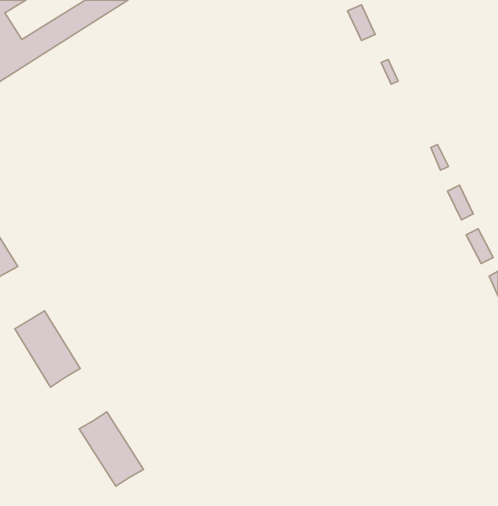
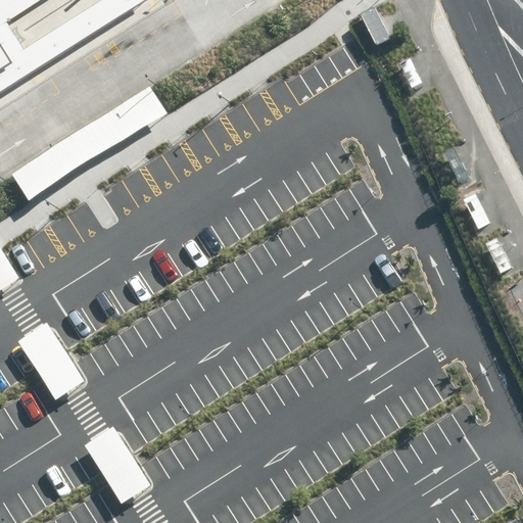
building: none -> [11,86,165,200]

